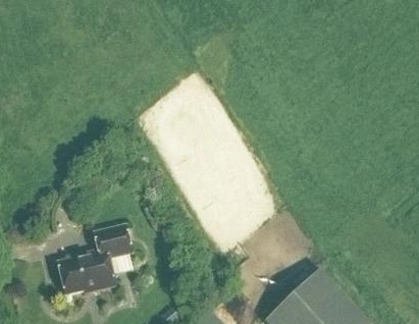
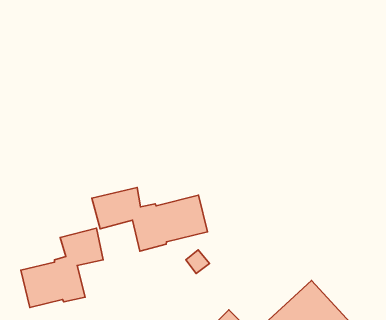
building: none -> [92,187,207,251]

